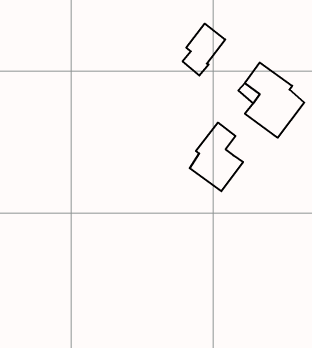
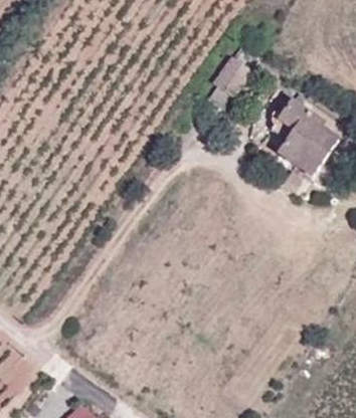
building: [190,123,243,191] -> none

